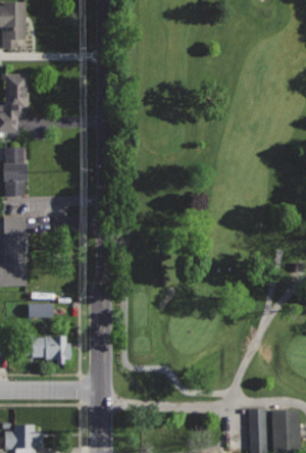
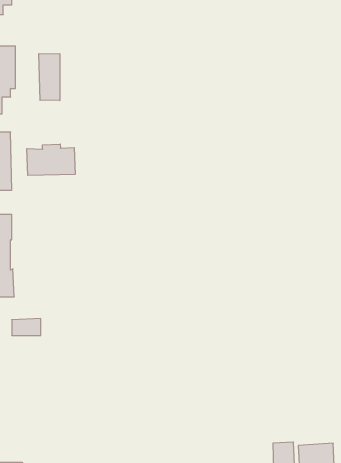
building: none -> [39,54,60,101]
building: none -> [27,144,75,175]
building: [23,336,72,364] -> none

